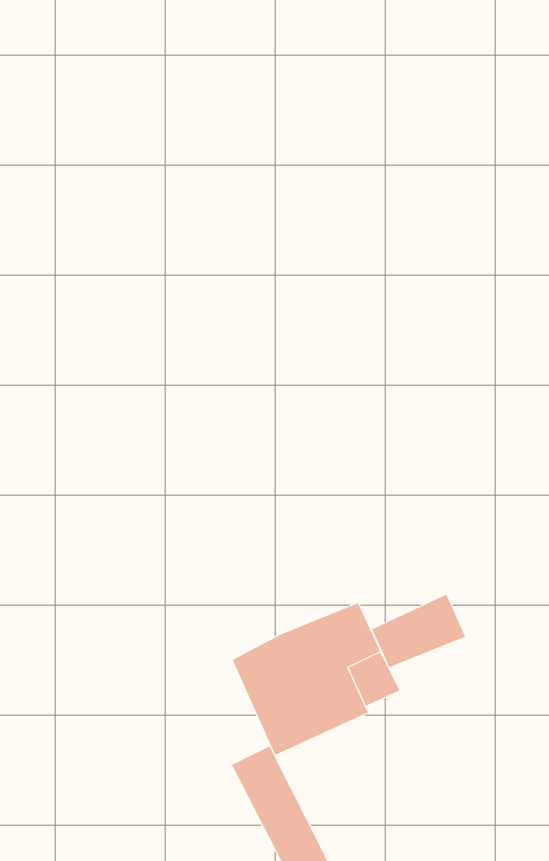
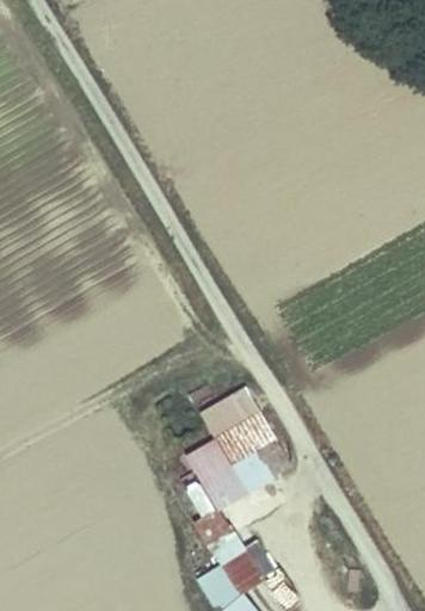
building: [371,594,466,668] -> [201,387,259,436]

